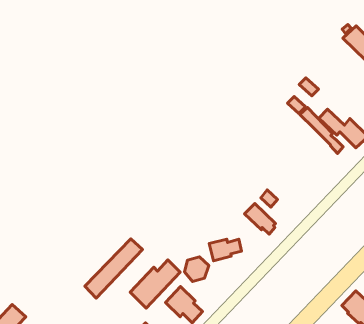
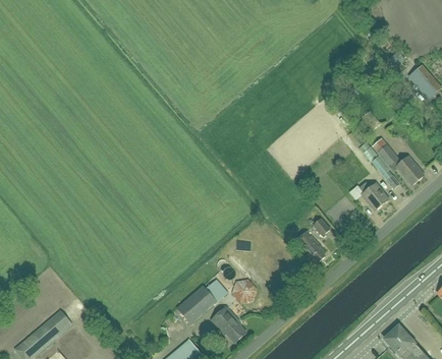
building: none -> [361,180,389,210]
building: [85,239,142,298] -> none
building: [209,239,241,261] -> none

